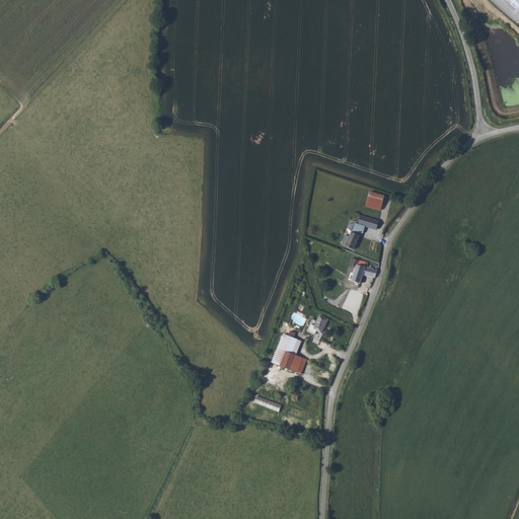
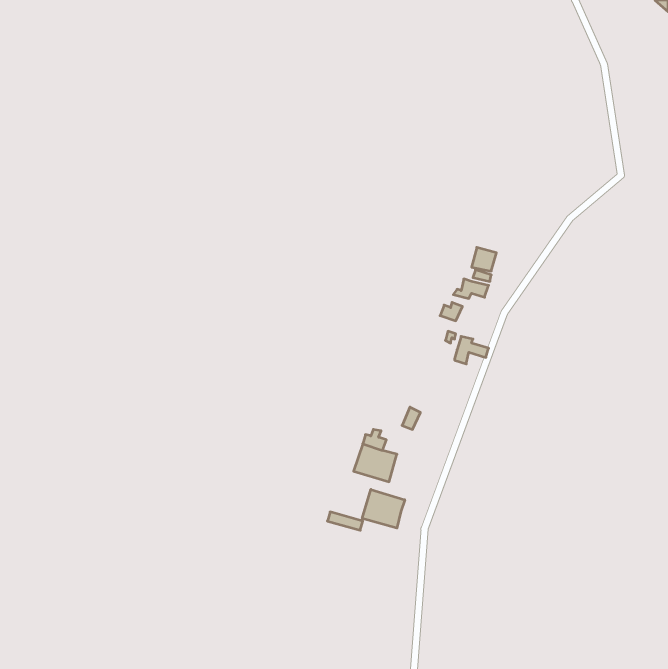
building: none -> [362,489,405,528]

